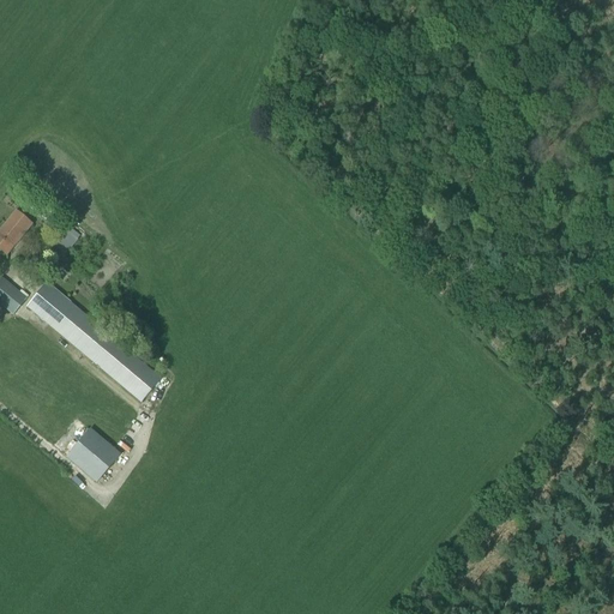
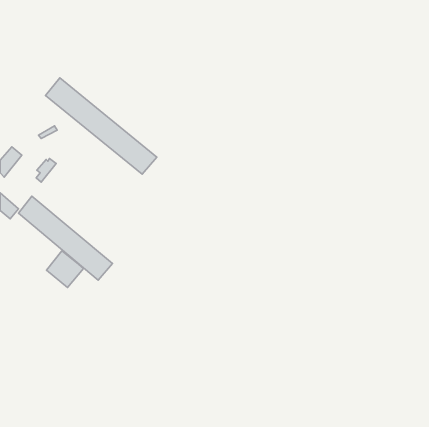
building: none -> [45,78,157,174]
building: [67,427,120,480] -> [47,251,84,288]

